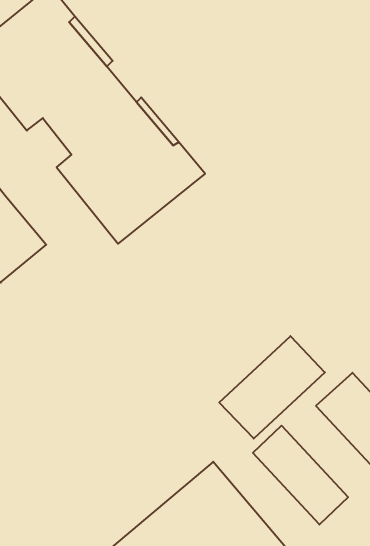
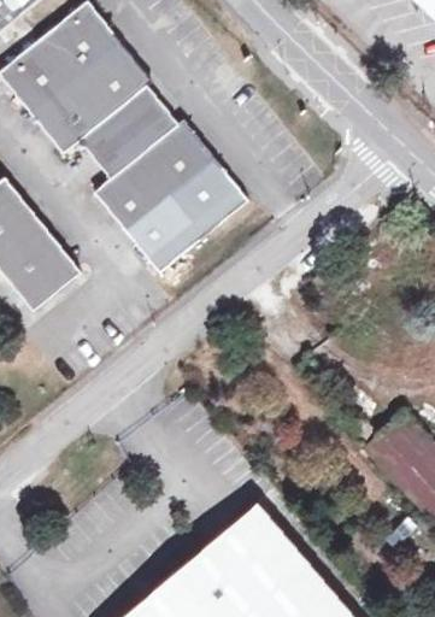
building: [219,336,325,439] -> none
building: [253,426,348,525] -> none

